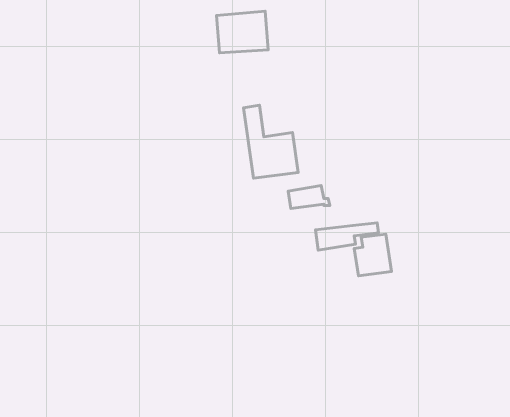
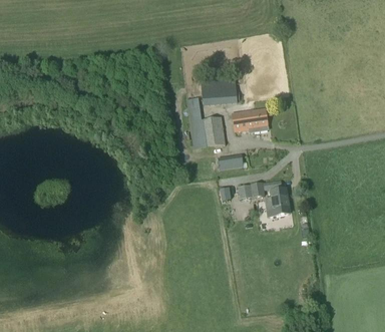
building: [216,11,268,53] -> [202,76,238,105]
building: none -> [233,108,269,131]

